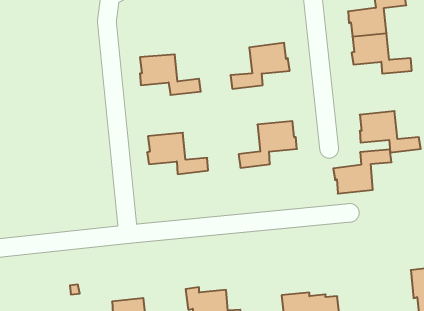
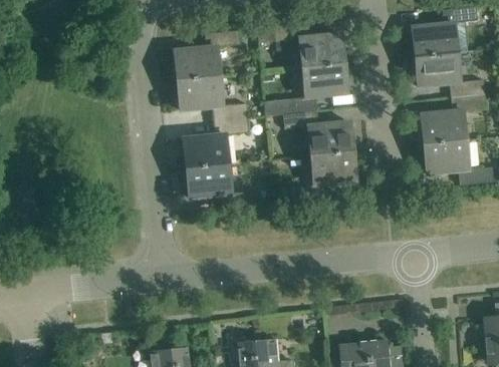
building: none -> [274,24,342,68]
building: none -> [175,30,240,79]
building: none -> [283,110,351,154]
building: none -> [184,117,249,167]
building: [333,150,392,194] -> [421,94,486,143]

